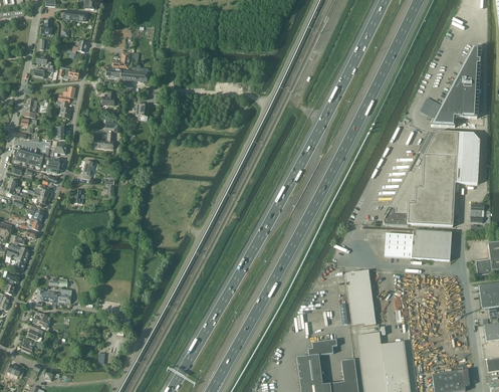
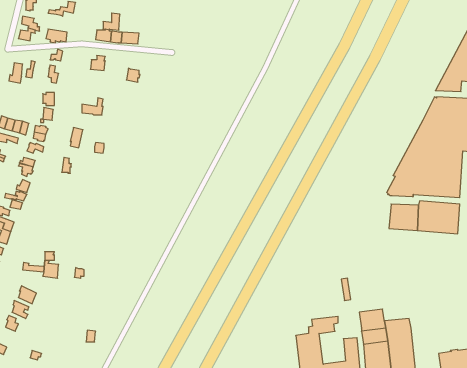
building: [344,270,376,326] -> none

